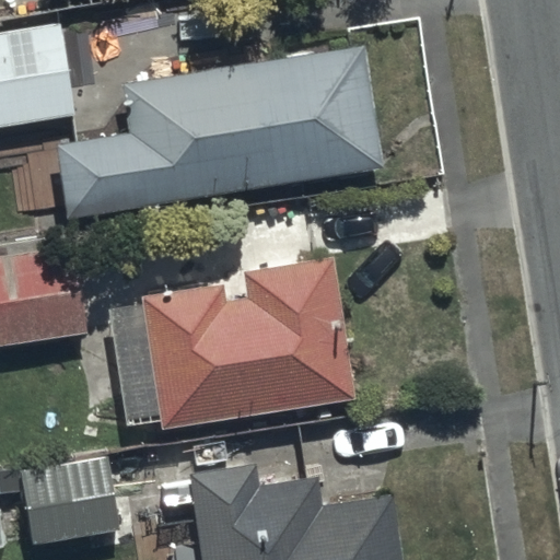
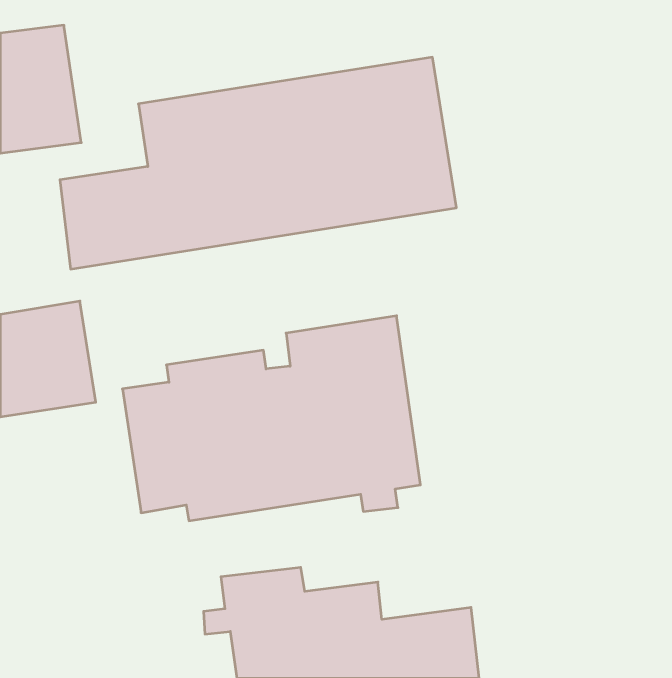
building: [19,457,117,540] -> none

